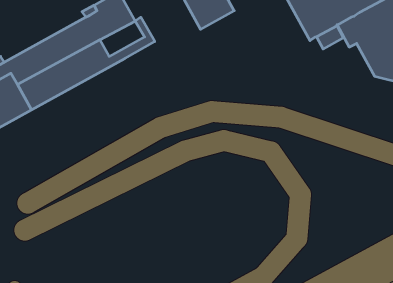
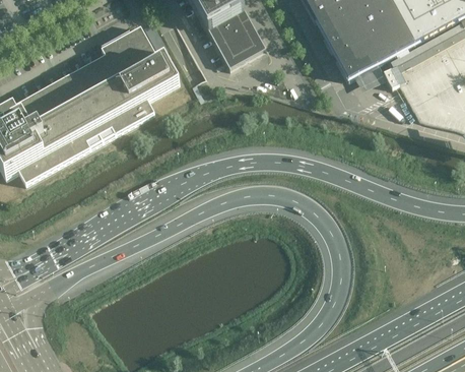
building: none -> [120,57,169,96]
building: none -> [18,98,154,182]

